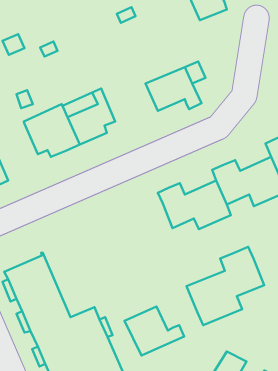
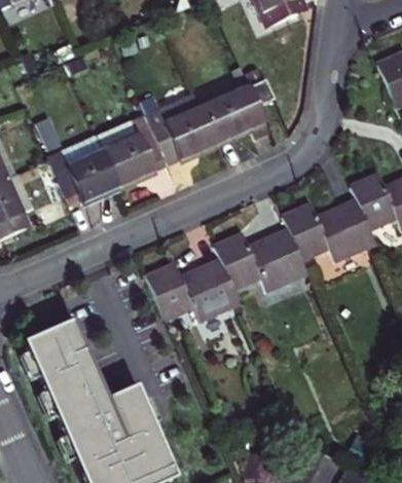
building: none -> [140,92,216,157]
building: none -> [148,258,241,320]
building: [186,247,264,325] -> none
building: [124,307,184,355] -> none

